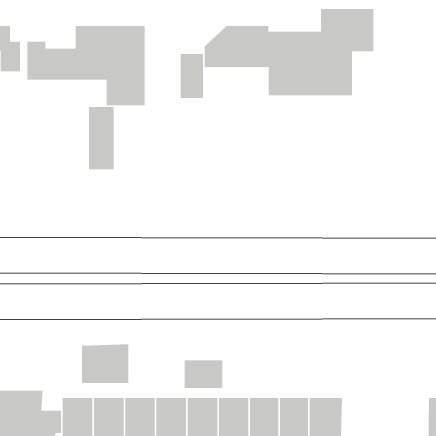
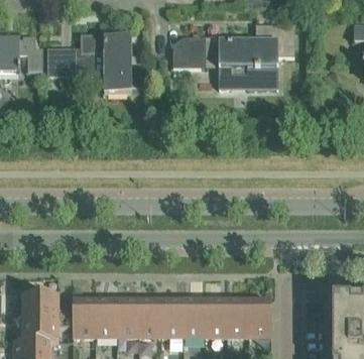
building: [180,53,204,99] -> none
building: [88,106,114,170] -> none
building: [81,343,129,384] -> none
building: [184,360,223,389] -> none

